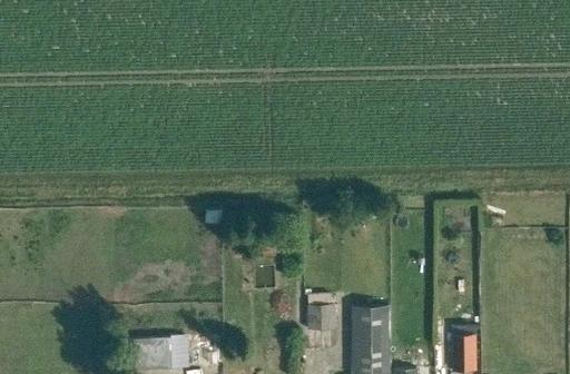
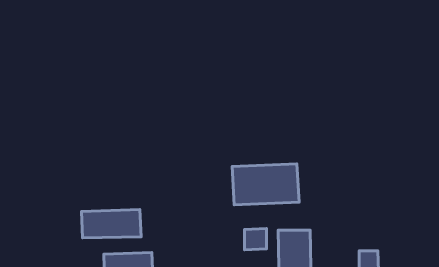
building: none -> [232,164,299,205]
building: none -> [82,209,141,238]

